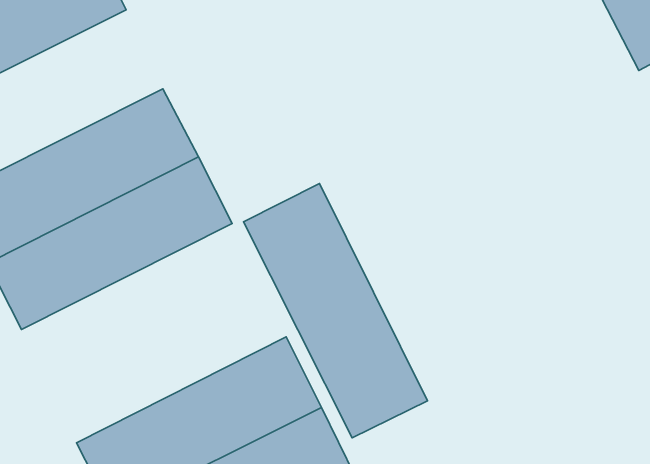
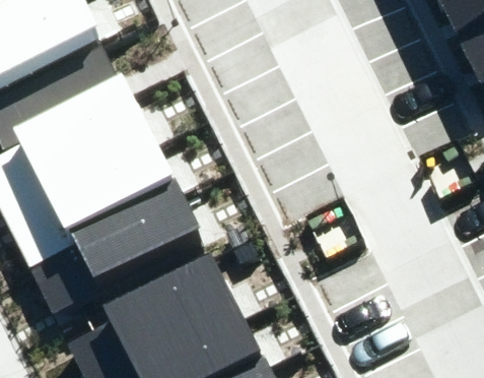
building: [243,184,427,438] -> none
building: none -> [27,177,208,310]

